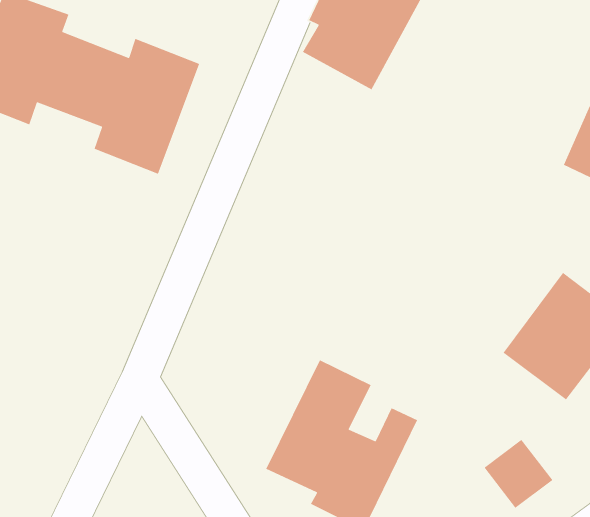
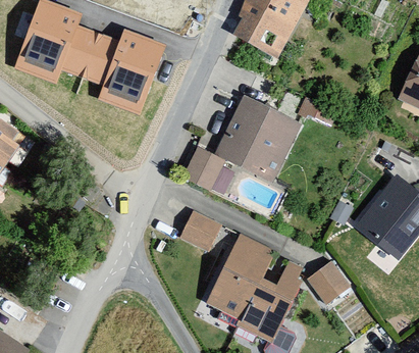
building: none -> [181,95,302,193]
building: none -> [178,212,223,253]
building: [483,439,553,509] -> [306,260,351,305]

